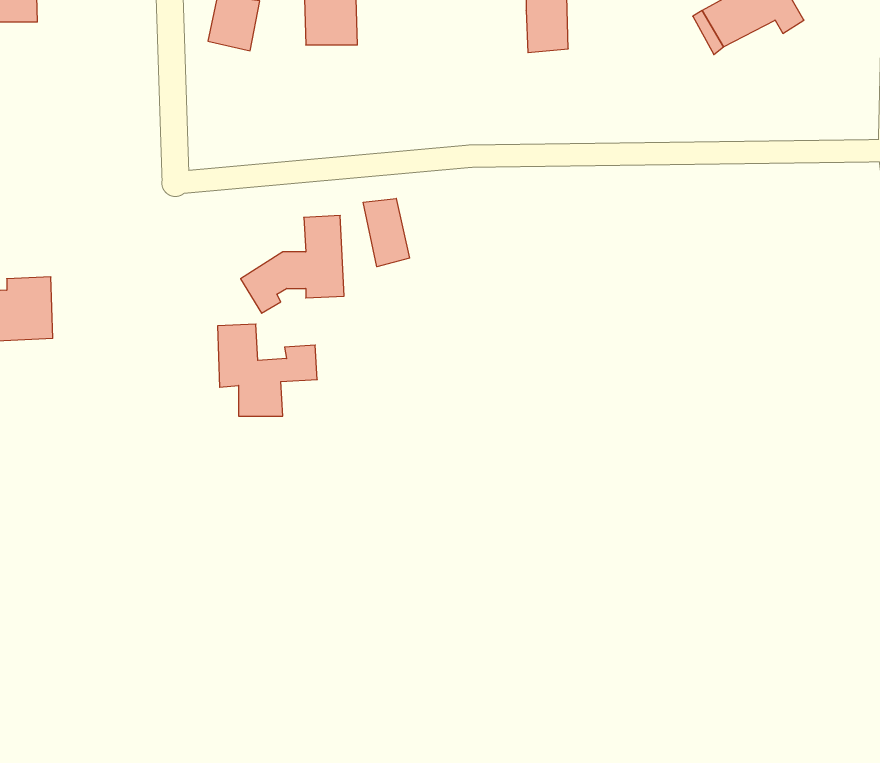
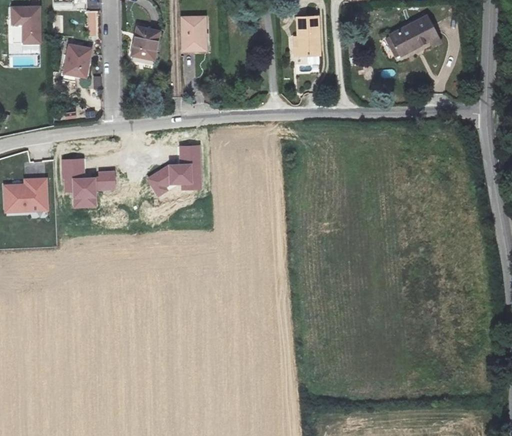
building: none -> [62,49,88,79]
building: [363,198,409,267] -> none
building: [218,324,317,416] -> [63,158,115,206]

